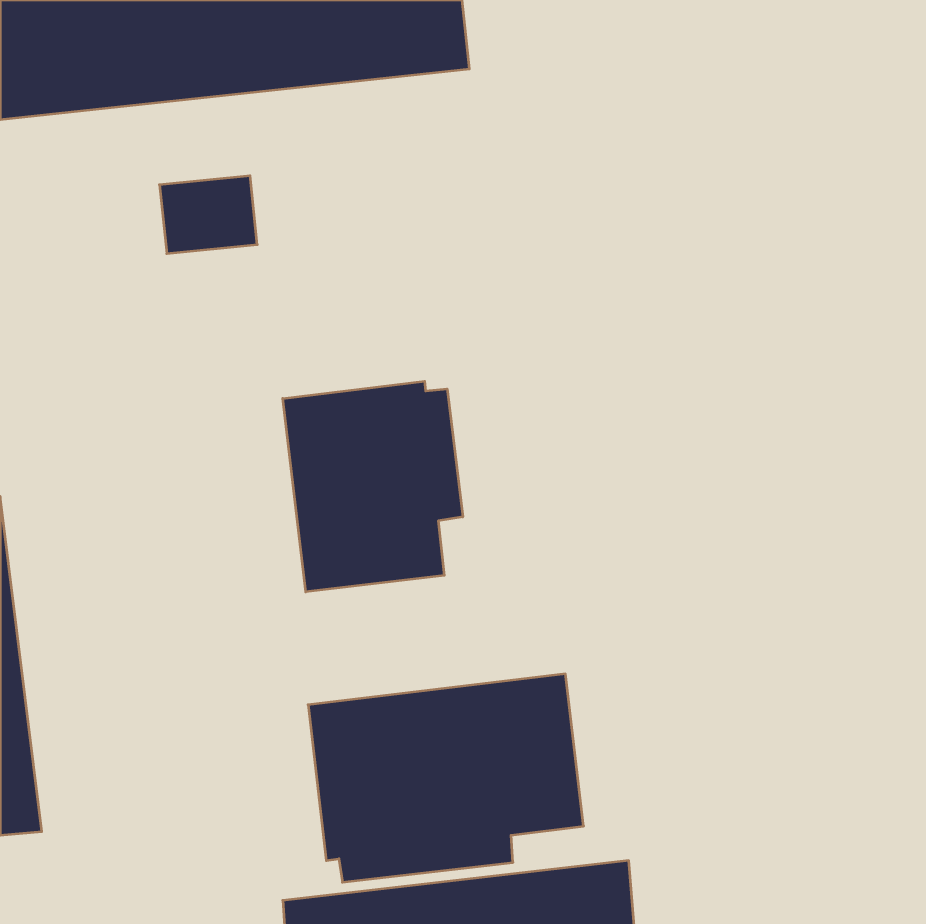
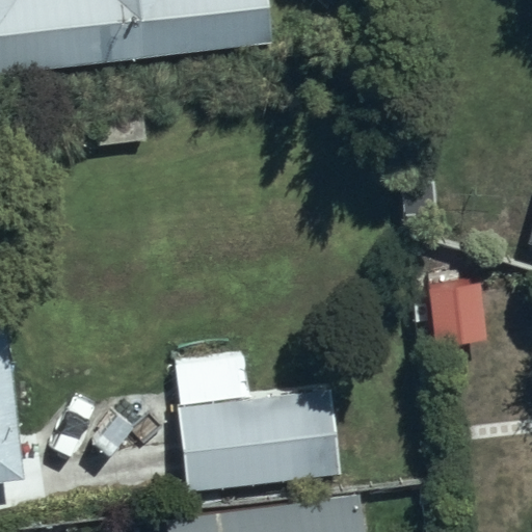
building: [283,381,463,592] -> none

